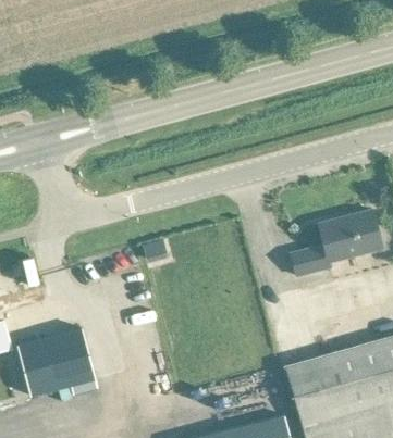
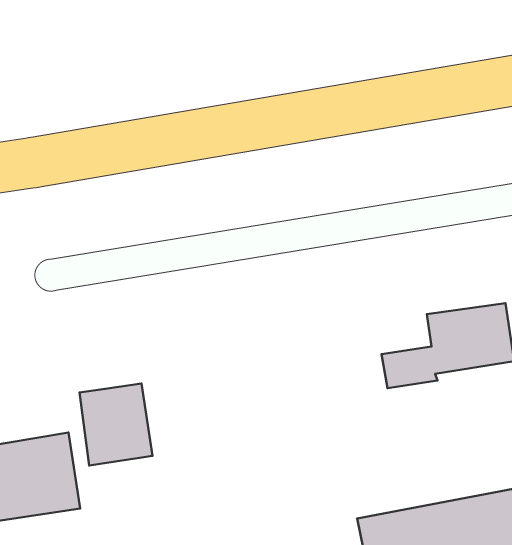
building: none -> [79,383,152,465]

